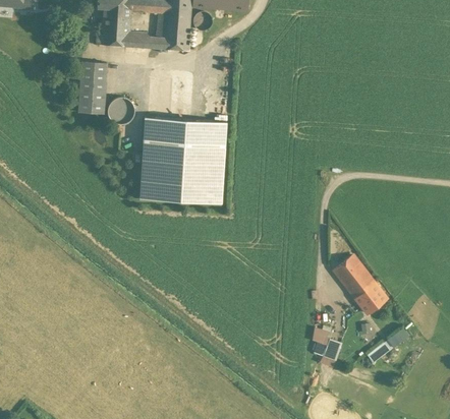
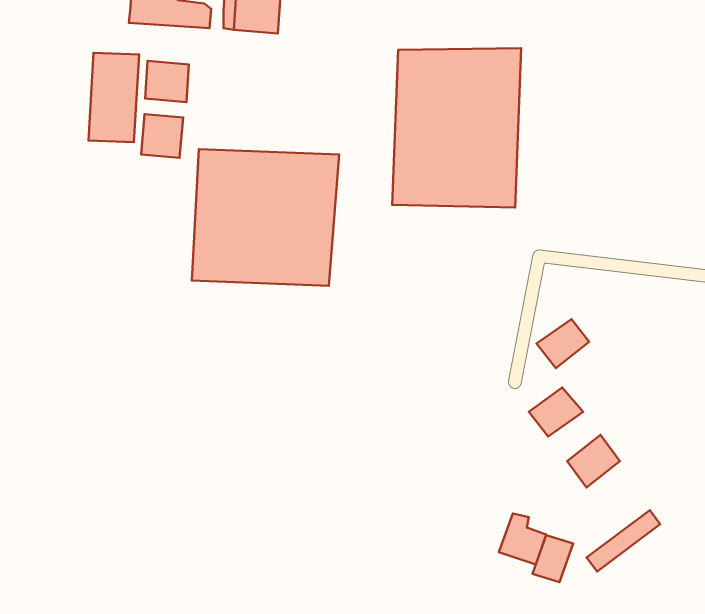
building: none -> [392,48,521,207]
building: none -> [145,61,189,102]
building: [345,271,376,299] -> [536,319,589,368]
building: none -> [532,535,573,582]

